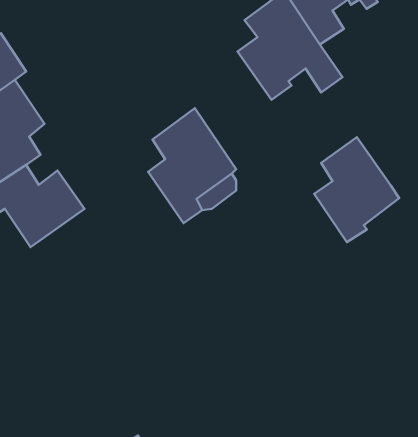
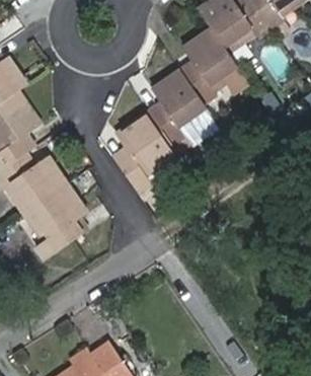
building: [314,137,399,242] -> [146,71,207,146]
building: none -> [28,183,86,260]

